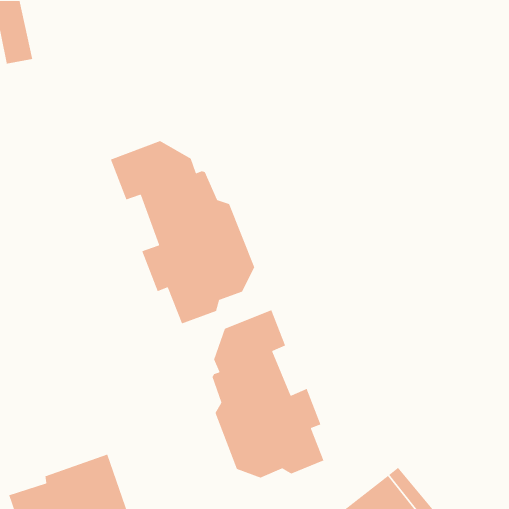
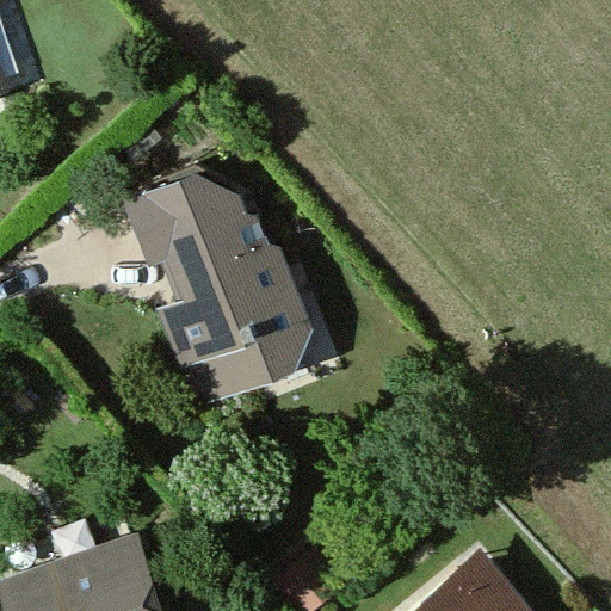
building: [211,309,324,478] -> none

